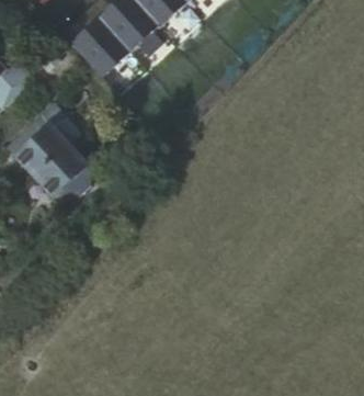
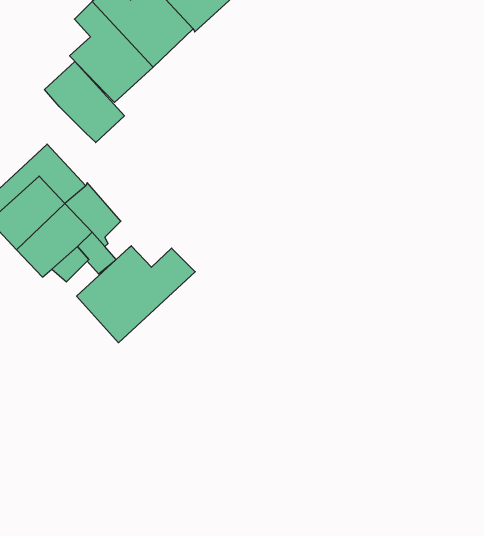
building: none -> [44,61,124,143]
building: none -> [77,246,195,343]

